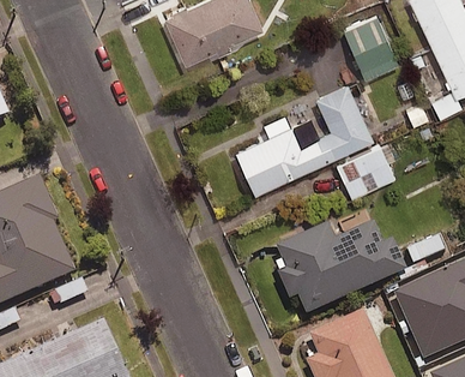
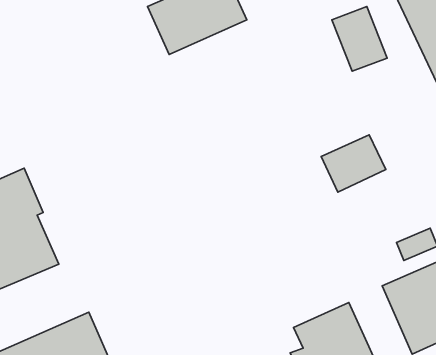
building: [232,79,372,191] -> none
building: [276,221,406,313] -> none

